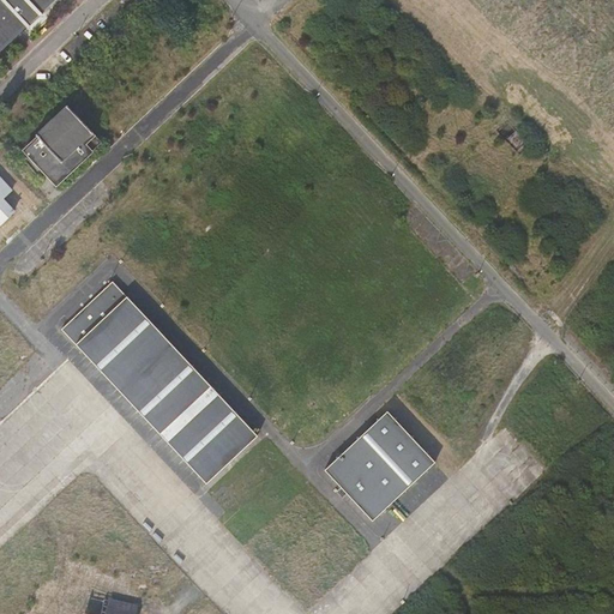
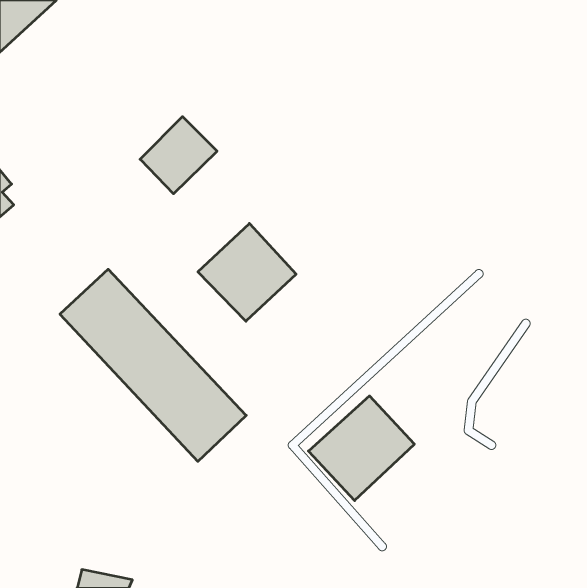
building: [22,108,102,188] -> [140,117,217,194]
building: none -> [198,223,296,321]

